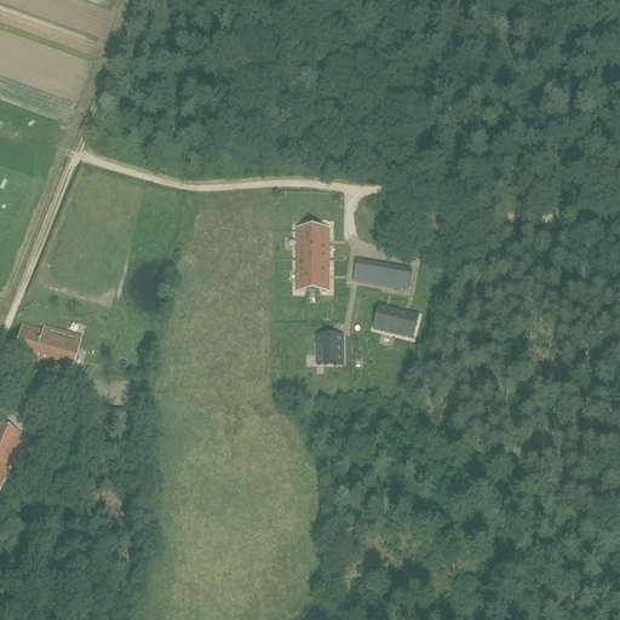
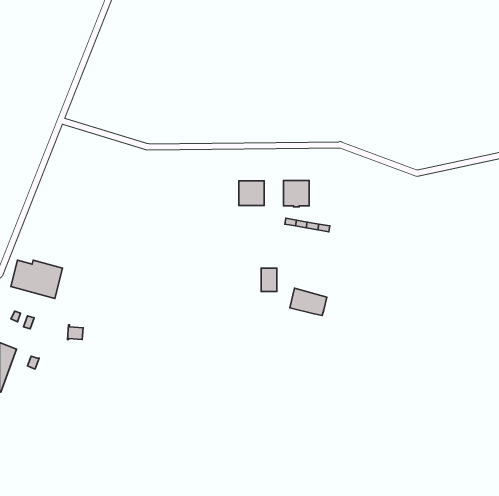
building: [295,254,327,287] -> [284,181,309,207]
building: [372,302,418,335] -> [290,288,327,316]

